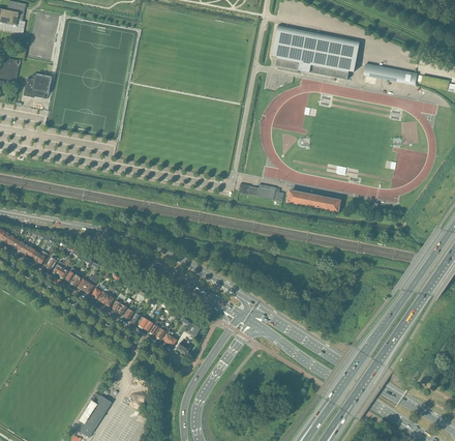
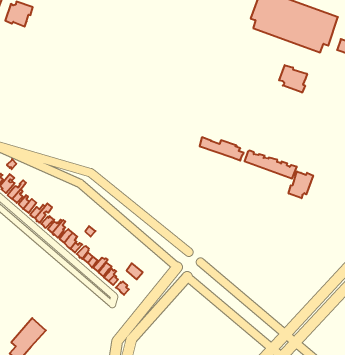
building: none -> [279,65,307,93]
building: none -> [289,171,313,198]

